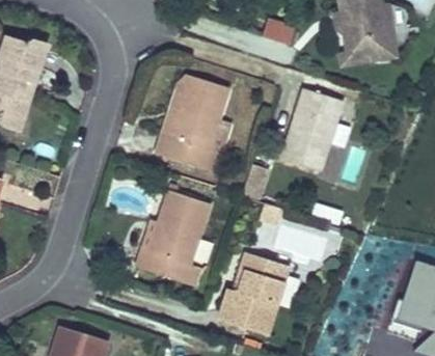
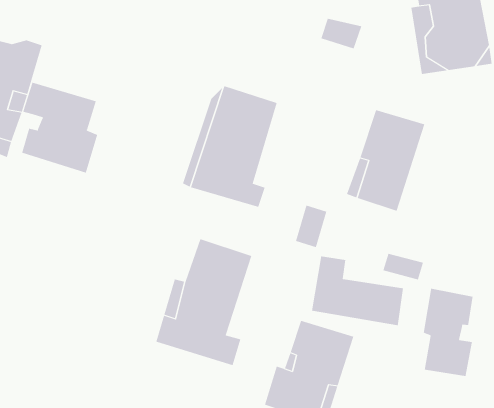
building: none -> [21,82,98,174]
building: none -> [423,288,473,377]

